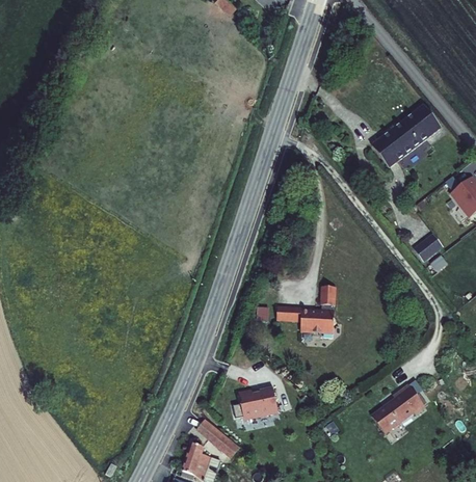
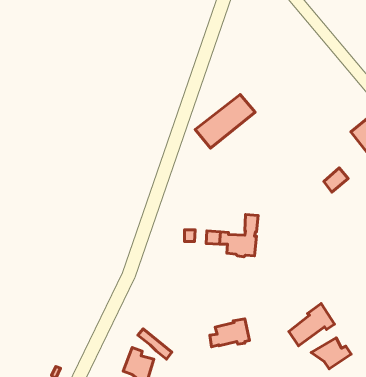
building: [370,105,440,167] -> [195,94,255,148]
building: [228,386,273,419] -> [210,319,249,347]
building: none -> [311,338,351,369]

